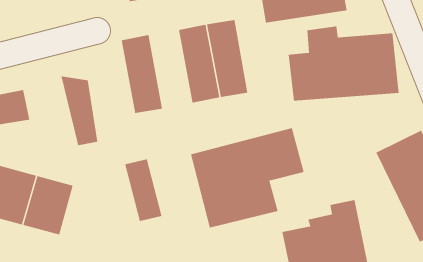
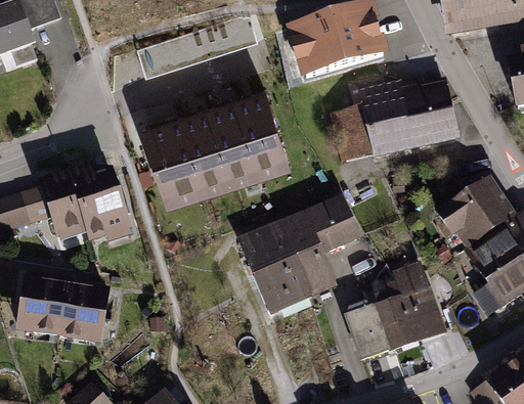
building: none -> [172,98,229,188]
building: none -> [37,166,105,241]
building: [125,158,162,222] -> none

